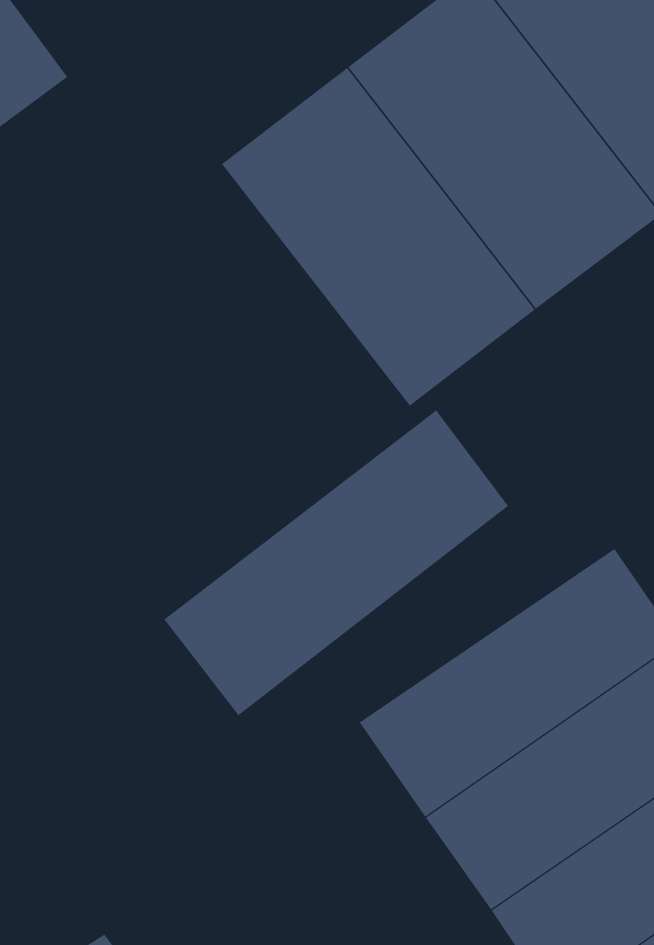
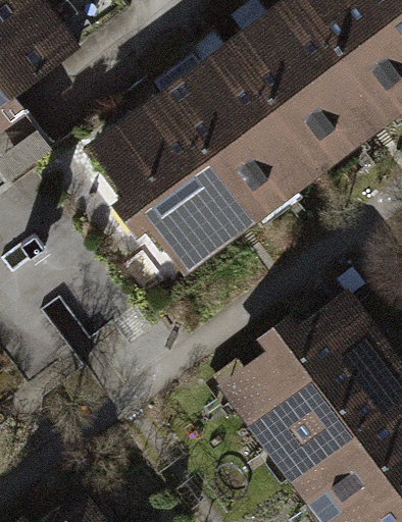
building: none -> [88,98,253,276]
building: [164,410,509,716] -> none

